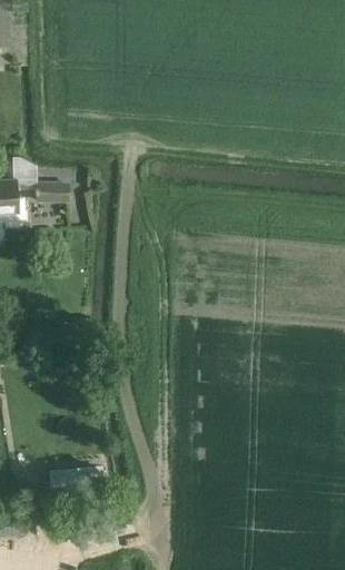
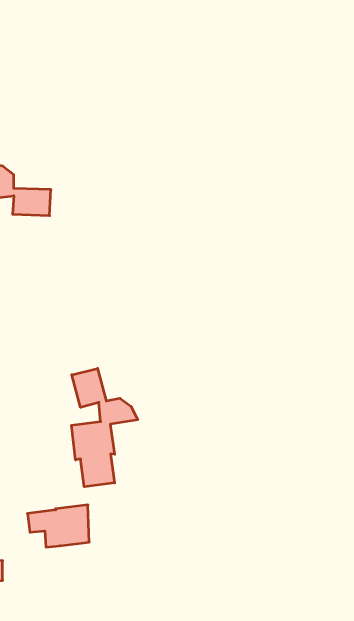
building: none -> [72,368,138,487]

